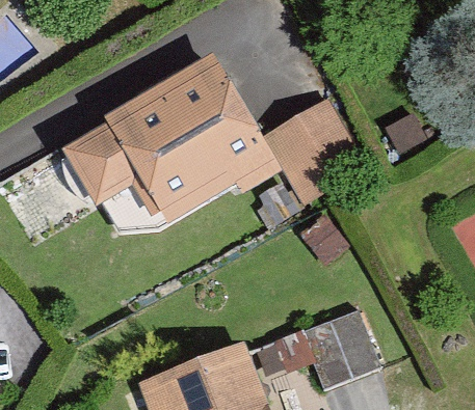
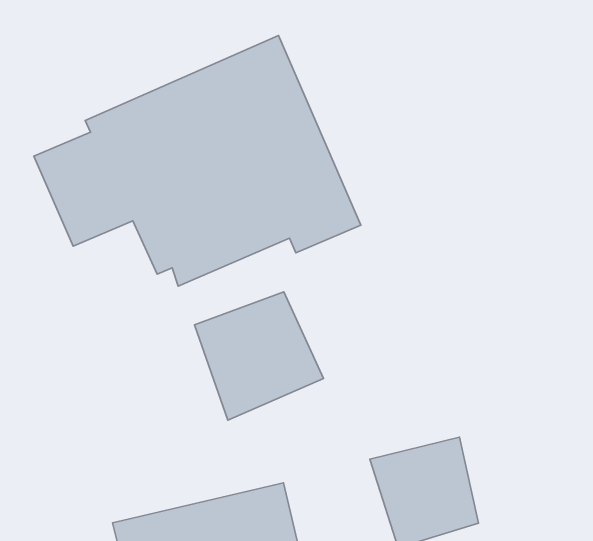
building: [262,97,365,200] -> none
building: none -> [194,292,324,420]

